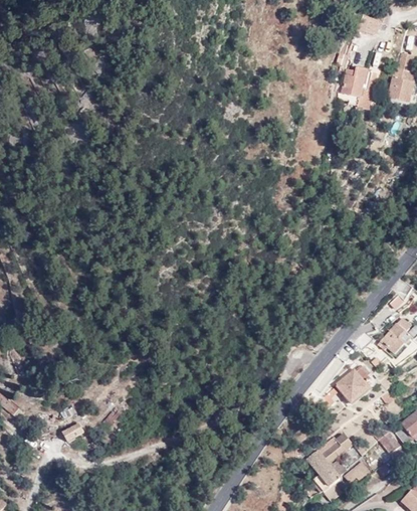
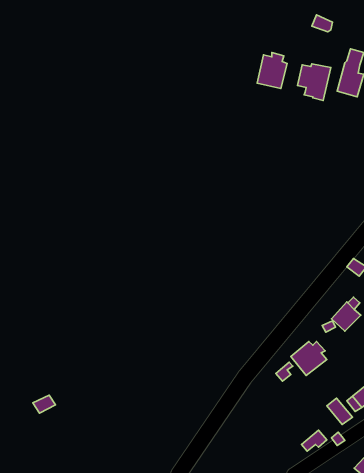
building: none -> [257,52,287,89]
building: [307,435,362,494] -> none

